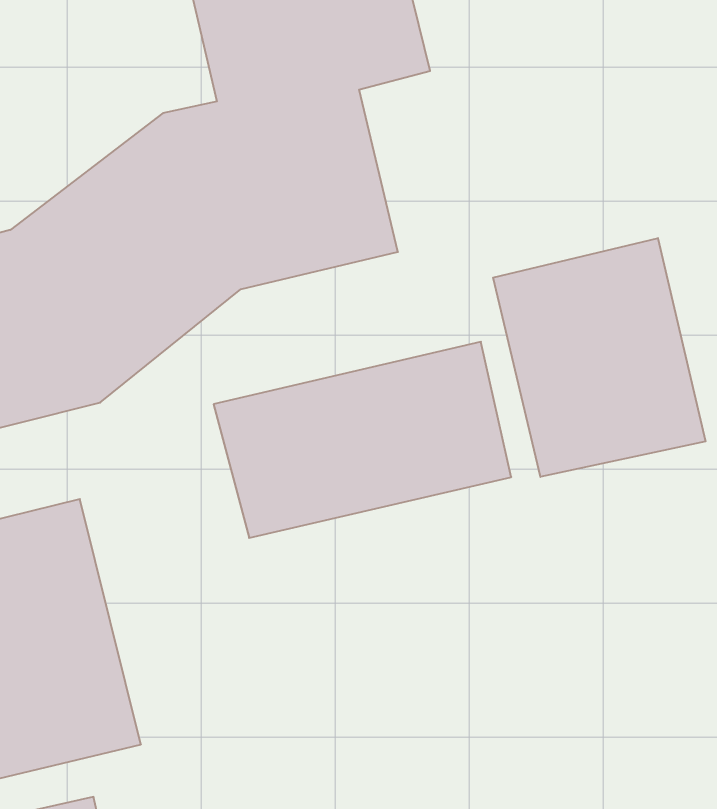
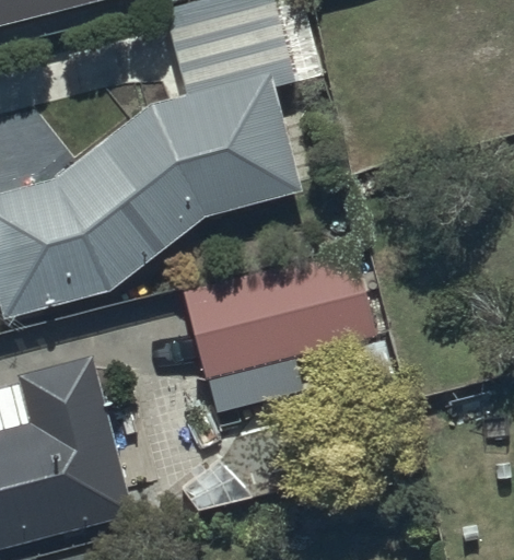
building: [493,238,706,477] -> none

